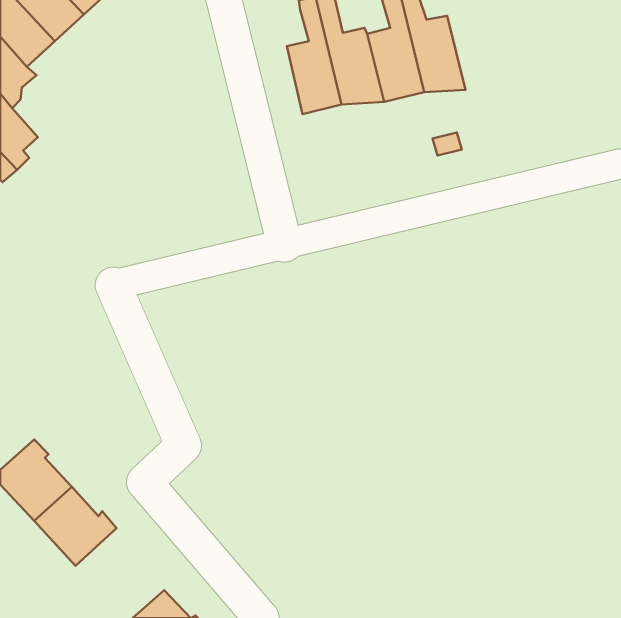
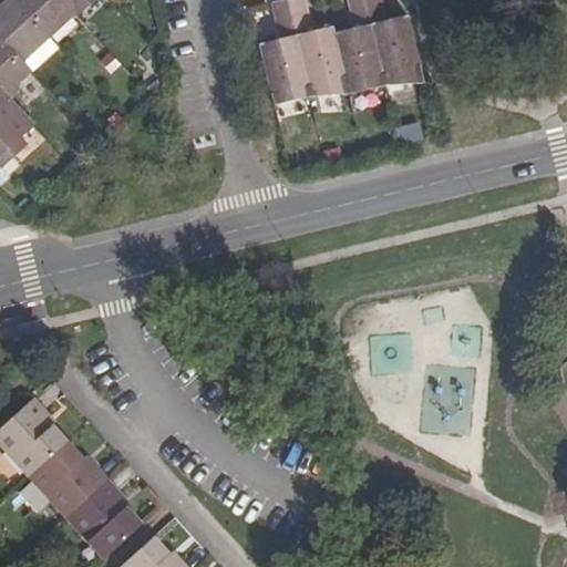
building: none -> [69,482,140,557]

